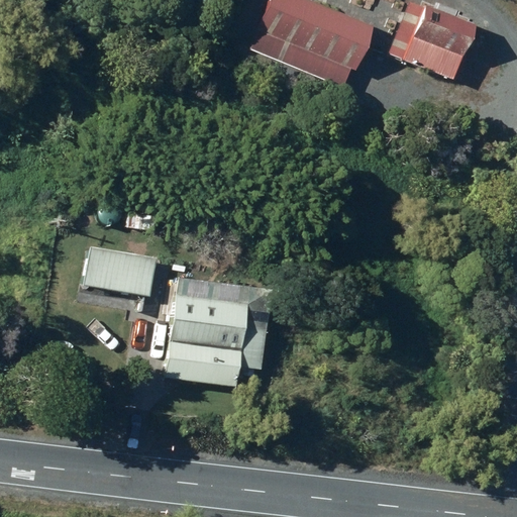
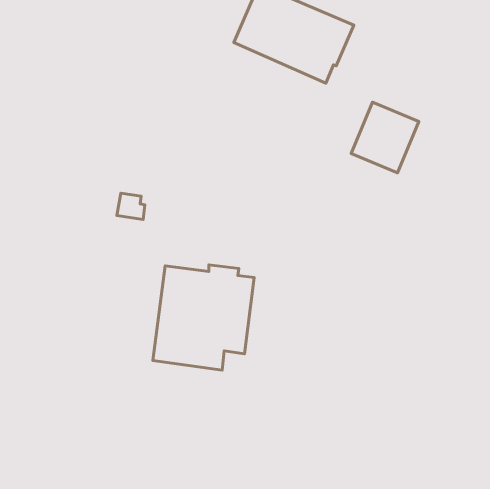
building: [403,4,474,78] -> [351,102,419,173]
building: [83,246,154,295] -> none

